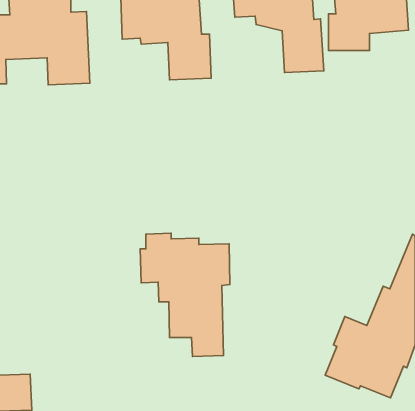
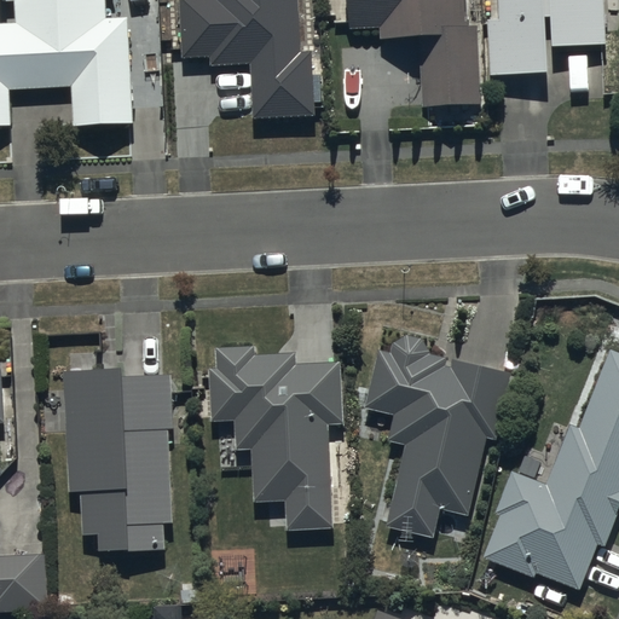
building: none -> [365,335,508,537]
building: none -> [64,374,172,551]

